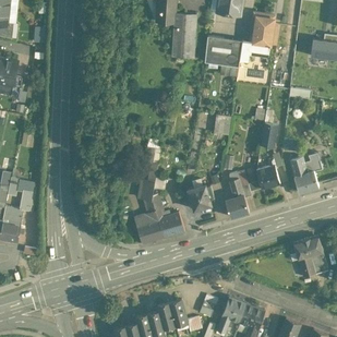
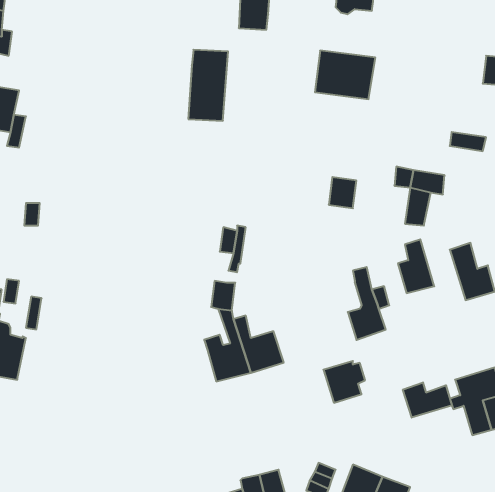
building: [249,11,275,44] -> none
building: [171,13,196,58] -> [188,50,228,121]
building: [186,184,213,210] -> [323,361,365,403]
building: none -> [403,382,452,418]

